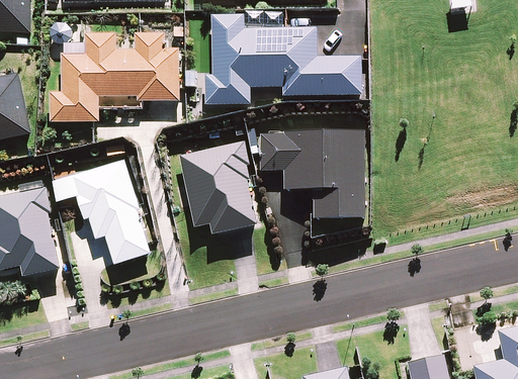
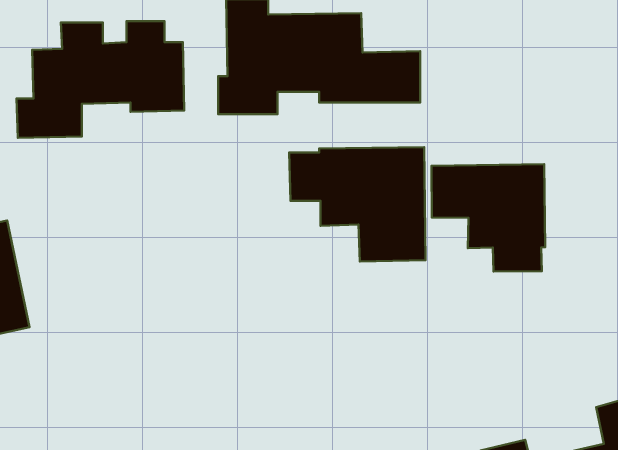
building: [179,140,256,234] -> none
building: none -> [432,164,545,271]
building: [71,160,151,265] -> none

